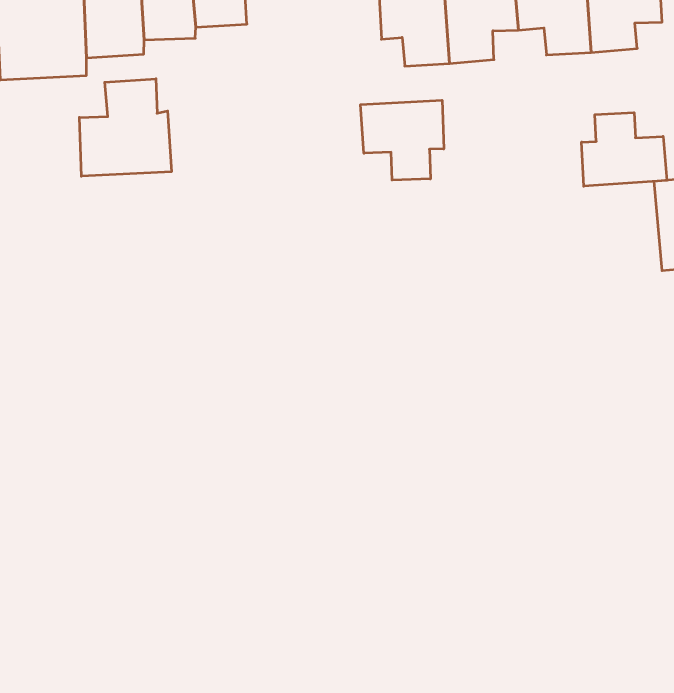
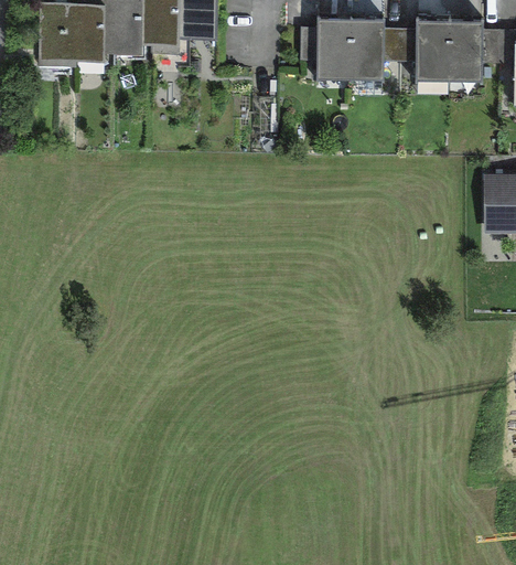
building: [79,79,171,176] -> none
building: [361,100,444,180] -> none
building: [582,113,667,186] -> none

